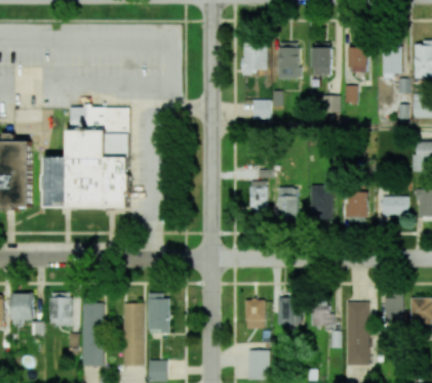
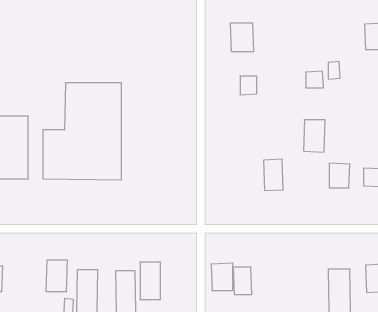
building: [278,43,299,79] -> none
building: [312,43,330,76] -> none
building: [350,46,369,67] -> none
building: [249,181,267,217] -> none
building: [310,186,332,220] -> [304,120,325,152]
building: [12,293,34,325] -> none
building: [277,296,300,325] -> [211,263,233,291]
building: [312,302,333,327] -> none

